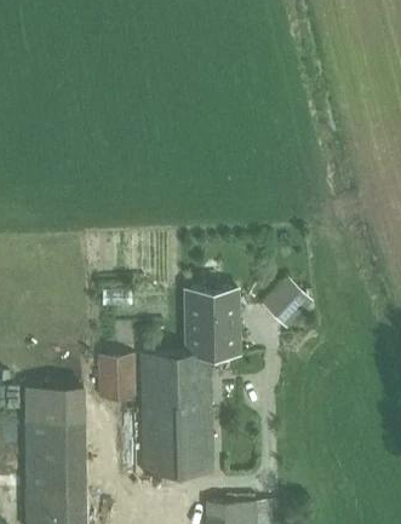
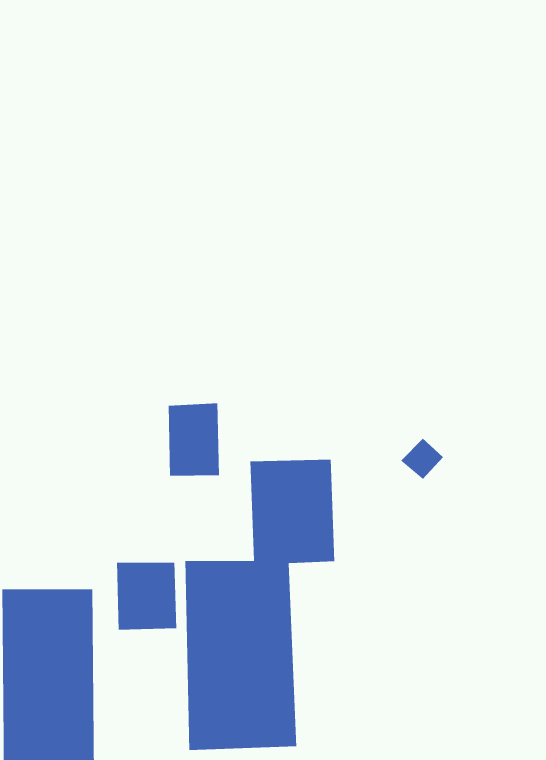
building: none -> [168,403,220,476]

